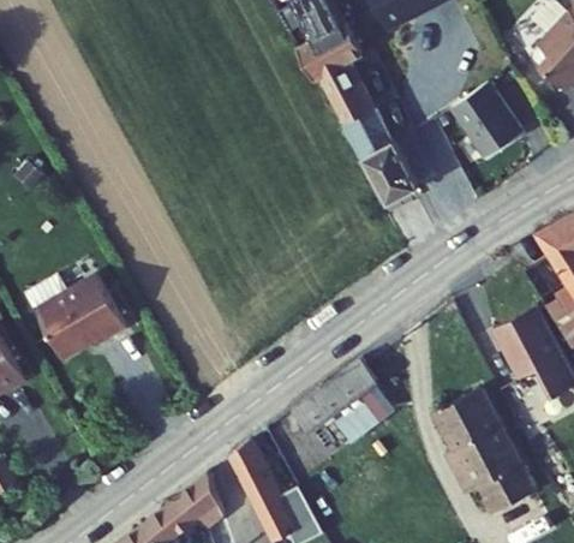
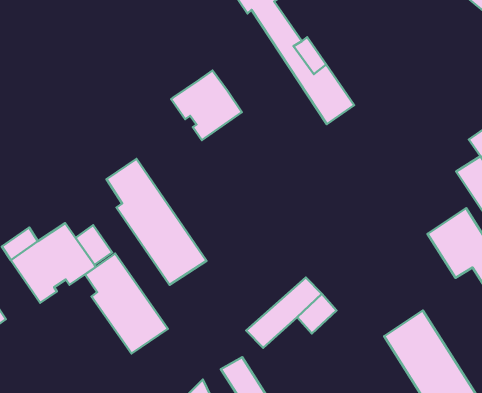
building: [453,77,522,151] -> none
building: none -> [171,70,242,140]
building: none -> [106,159,206,285]
building: none -> [85,253,168,353]

